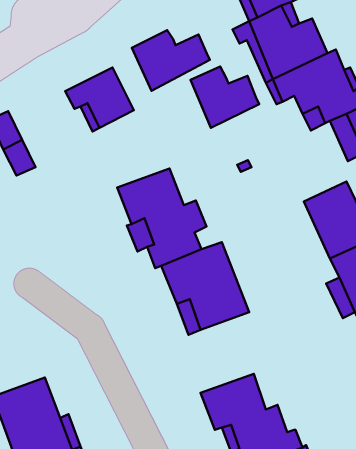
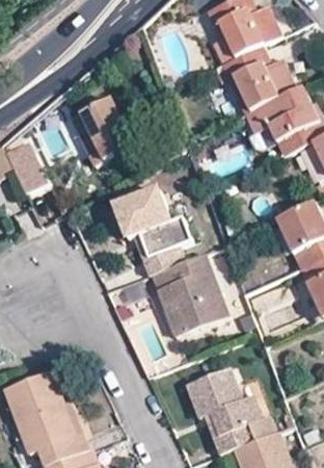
building: [132,30,210,91] -> none
building: [191,67,259,128] -> none

